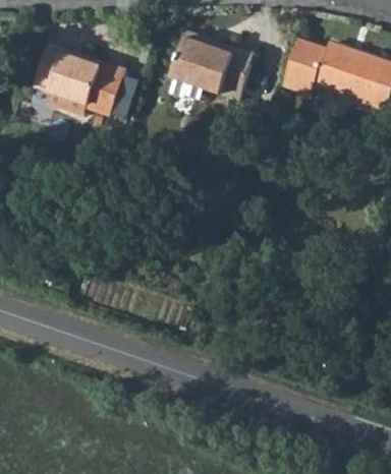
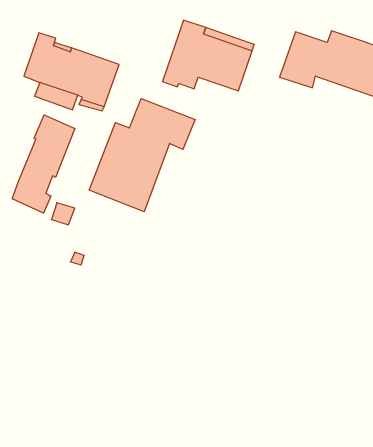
building: none -> [89,99,195,212]
building: none -> [12,115,75,213]

